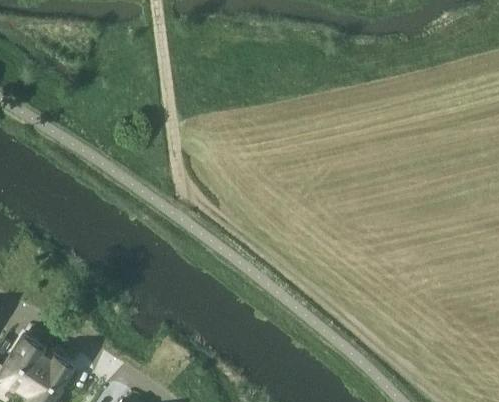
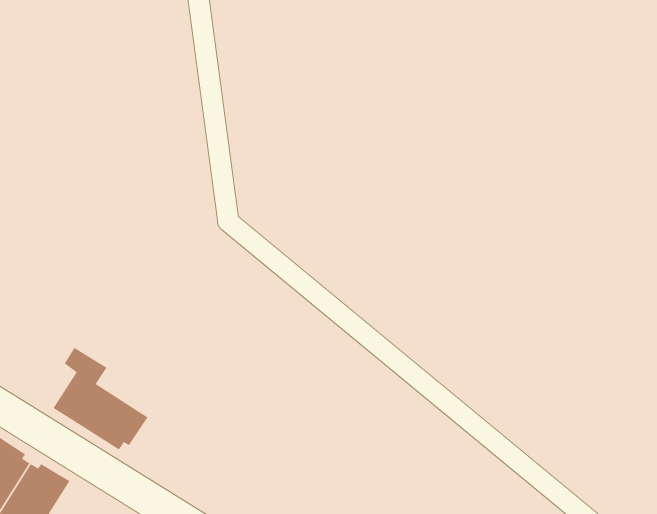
building: none -> [52,347,149,450]

